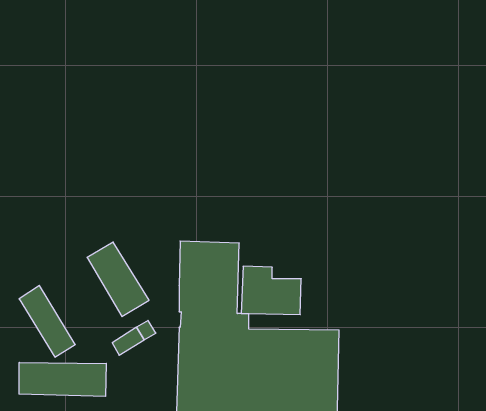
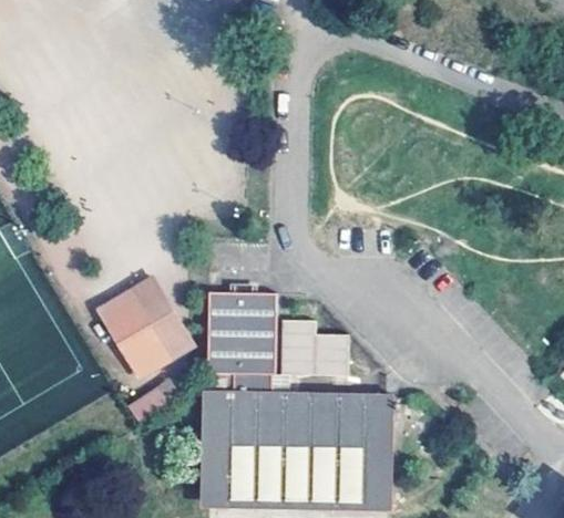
building: [19,285,75,357] -> [131,278,195,360]
building: [19,362,106,396] -> none

